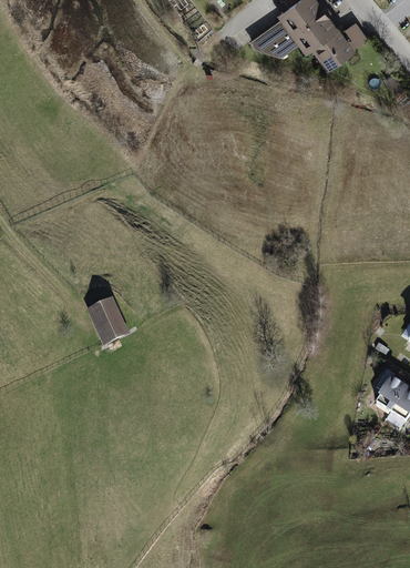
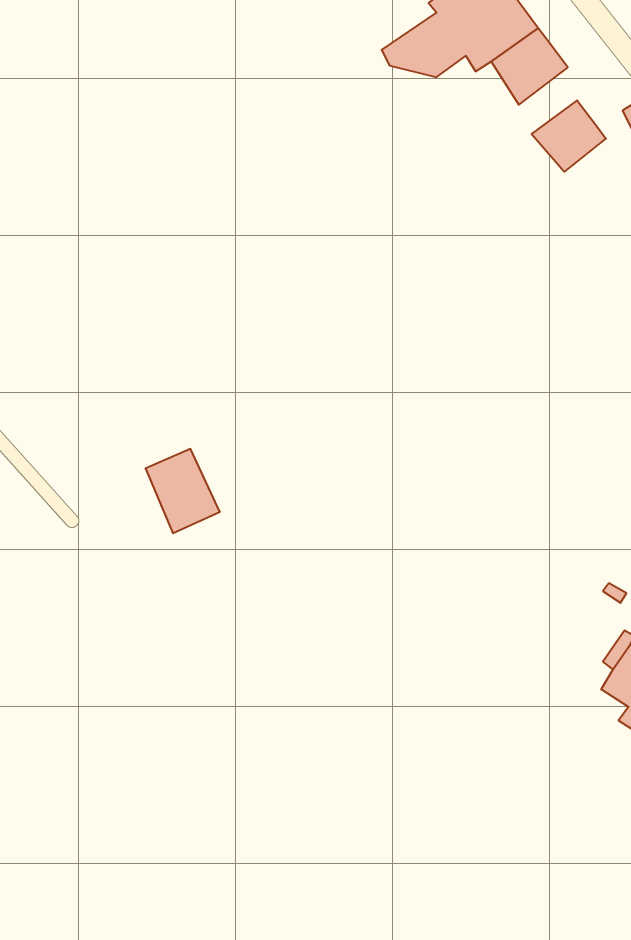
building: none -> [532,100,606,172]
building: [88,297,130,345] -> [145,449,220,533]

